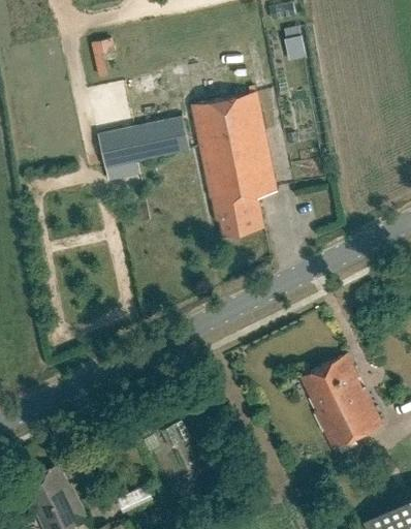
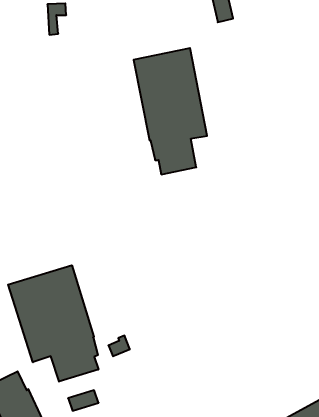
building: [100,118,192,170] -> none
building: none -> [8,265,98,382]
building: [306,355,383,450] -> none

